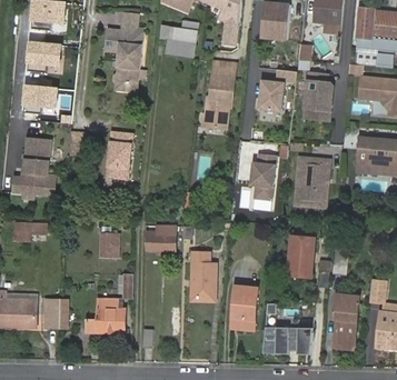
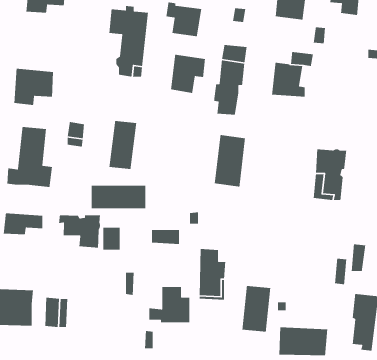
building: [23,38,62,73] -> none
building: none -> [170,54,206,94]
building: [302,72,331,121] -> none
building: [248,151,278,201] -> [214,134,246,188]
building: none -> [91,185,146,209]
building: none -> [58,215,101,249]
building: [286,243,312,283] -> none
building: [85,297,123,331] -> [148,286,190,323]

